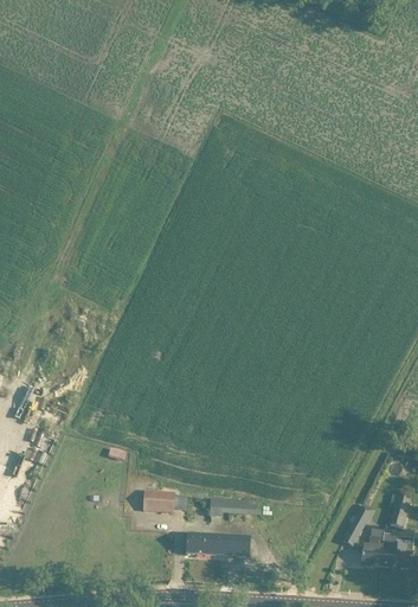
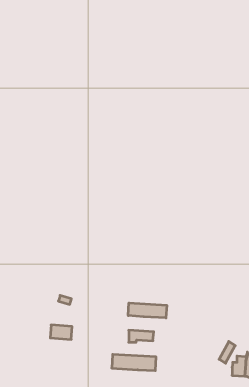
building: none -> [128,303,167,318]
building: [143,488,175,510] -> [50,325,72,339]

